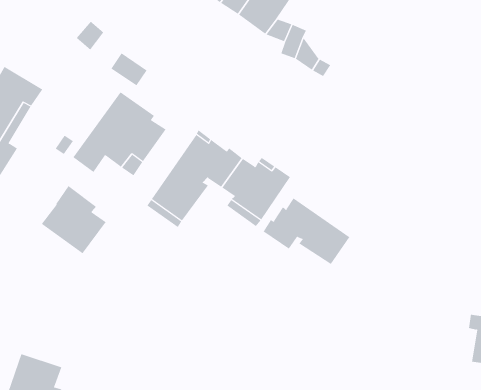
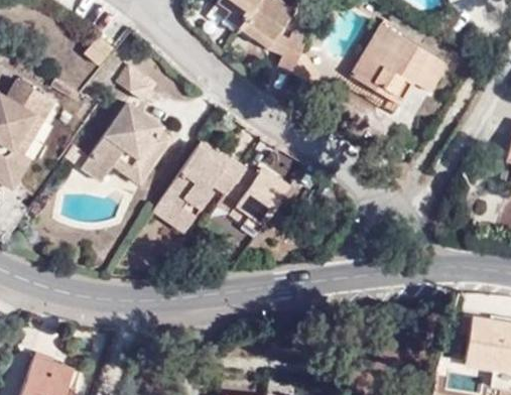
building: none -> [350,23,448,105]
building: [41,185,107,254] -> none
building: [263,198,350,265] -> none

